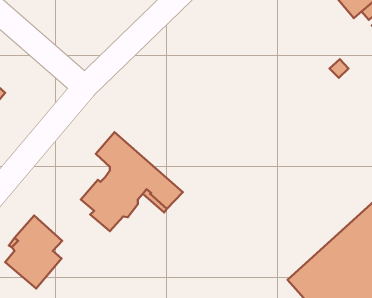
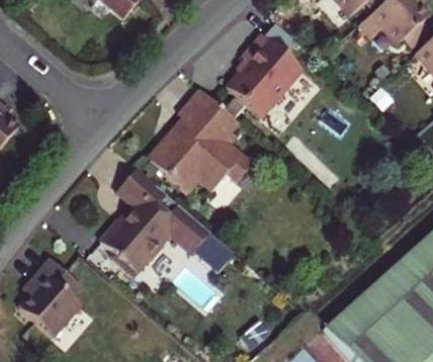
building: none -> [228,33,304,116]
building: none -> [148,88,253,191]

